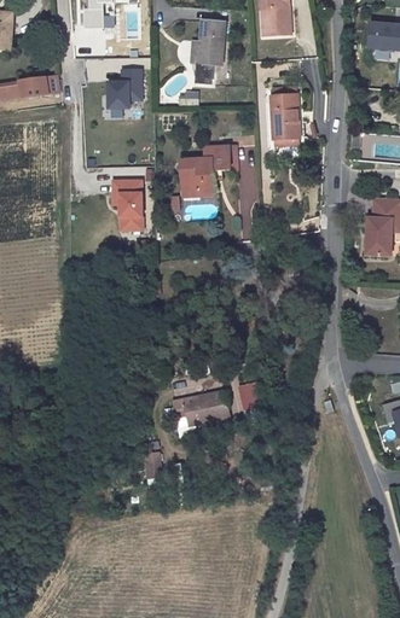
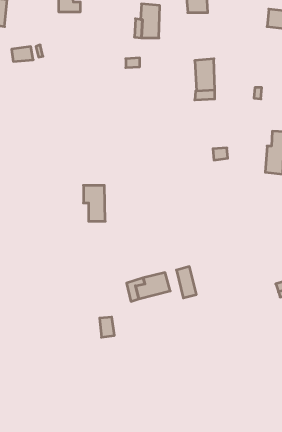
building: [106,68,140,111] -> none
building: [179,144,237,191] -> none
building: [111,179,141,228] -> [83,185,105,221]

